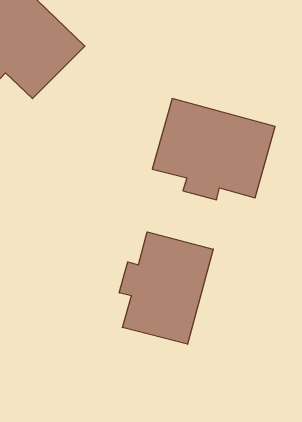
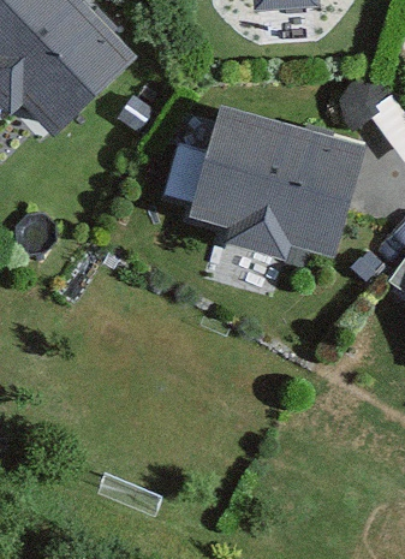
building: [119,232,213,344] -> none

